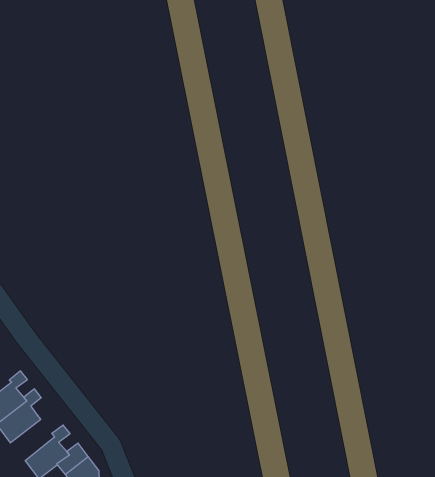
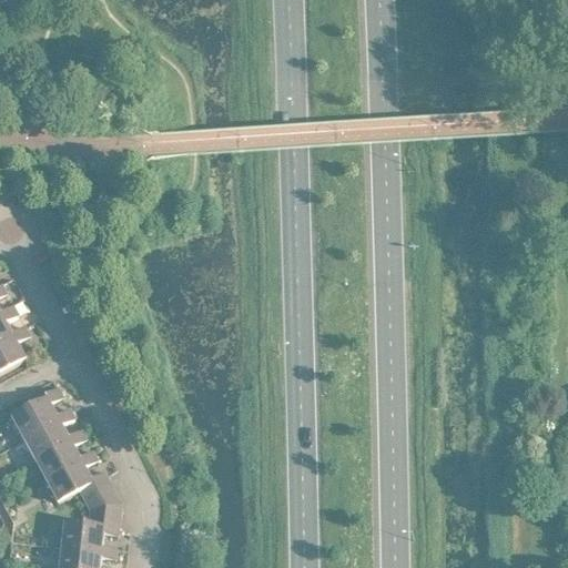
building: none -> [34,427,87,478]

